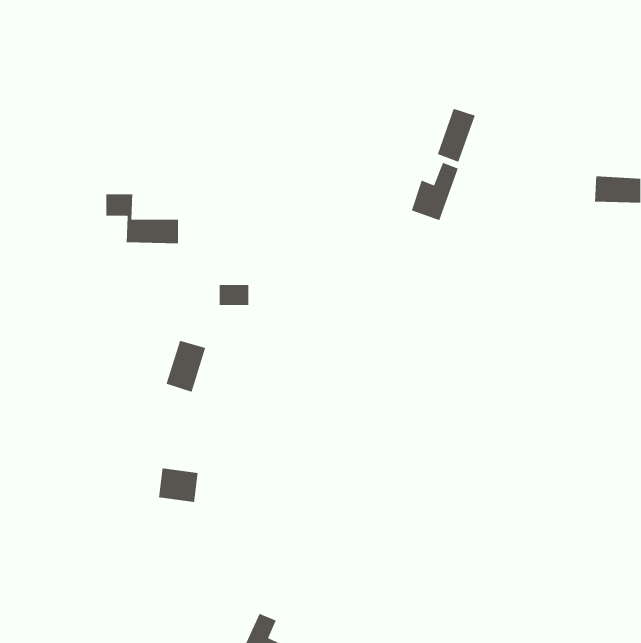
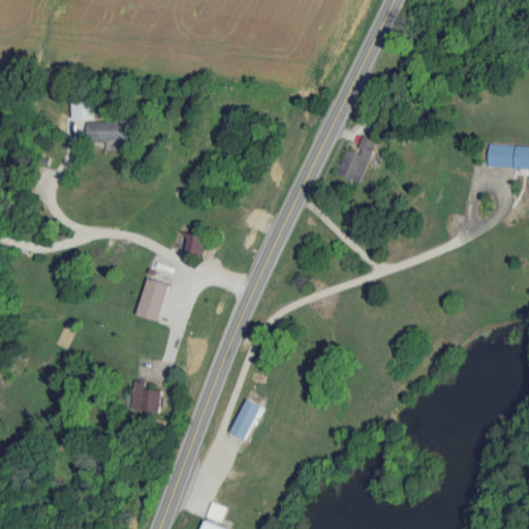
building: [437,108,476,163] -> none
building: [105,194,179,244] -> [69,101,129,143]
building: none -> [228,399,261,441]

